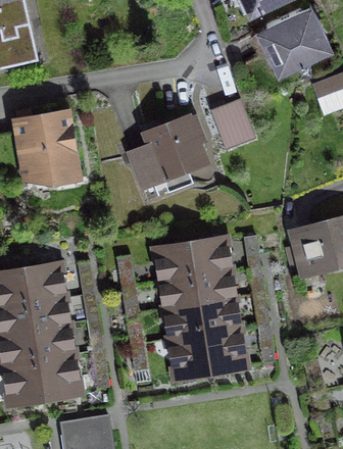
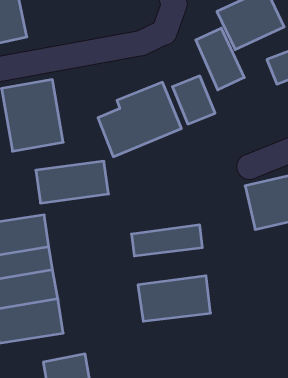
building: none -> [196,28,244,90]
building: [154,235,236,282] -> [36,161,109,203]
building: [162,297,243,339] -> none

